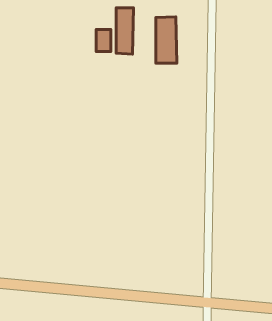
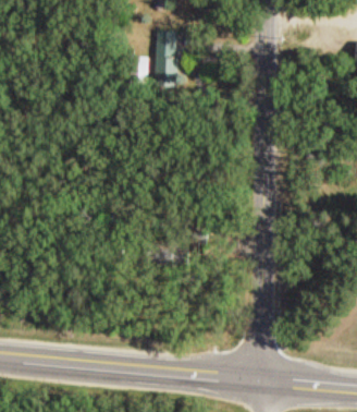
building: [156,17,177,63] -> none

